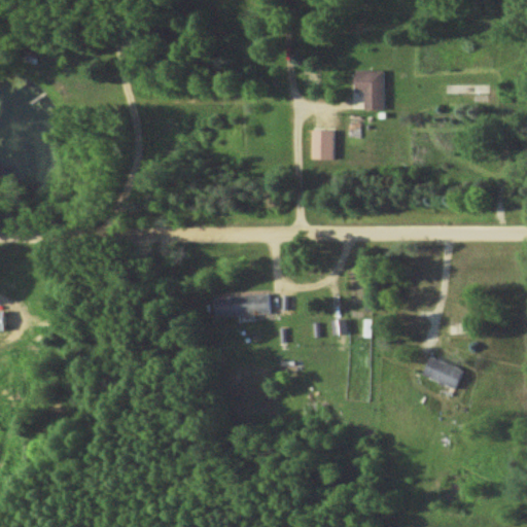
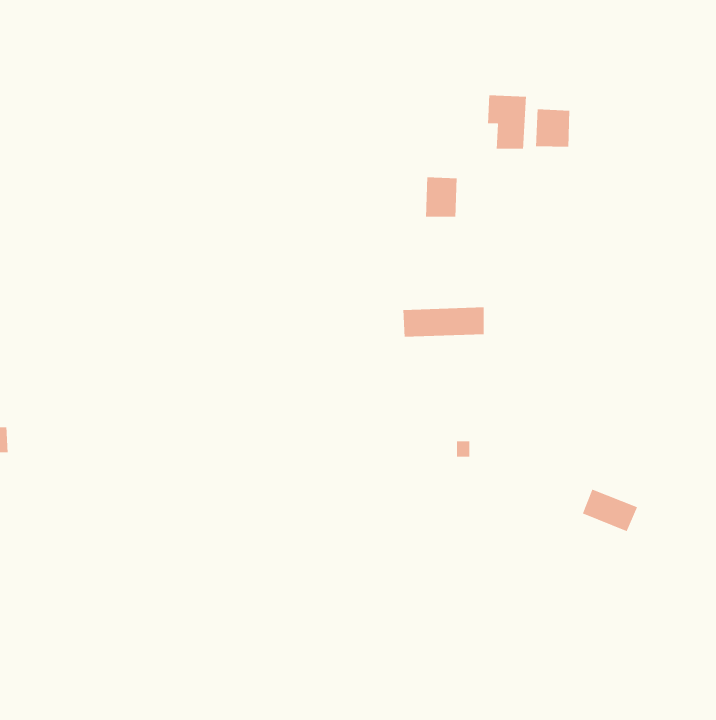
building: none -> [535,109,570,148]
building: [210,294,270,317] -> [402,307,484,338]

